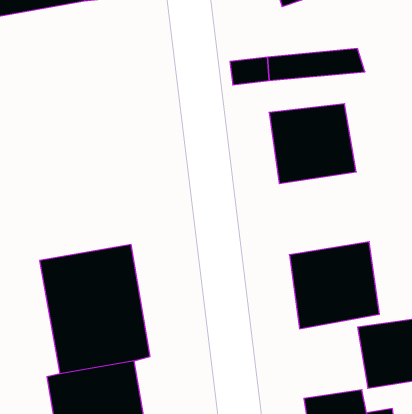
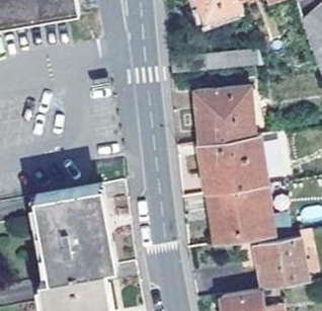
building: none -> [203,135,265,193]

